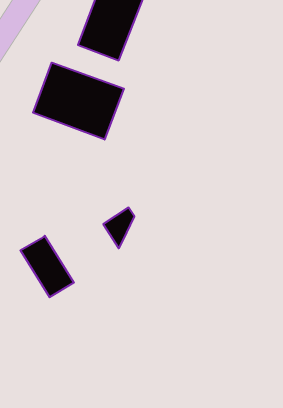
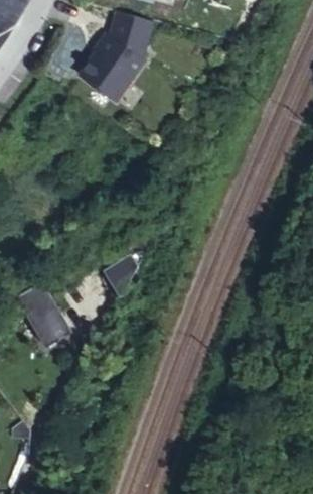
building: [33,63,124,140] -> none

